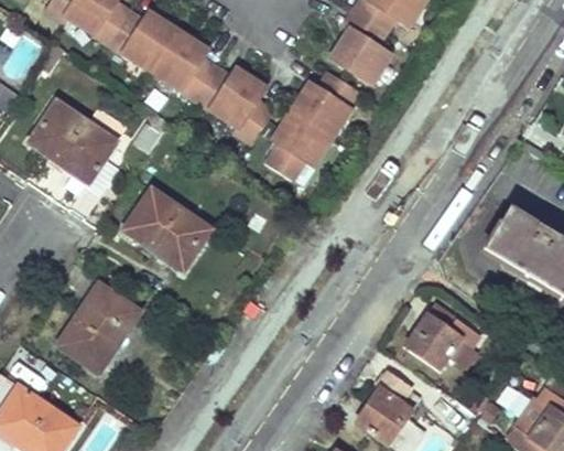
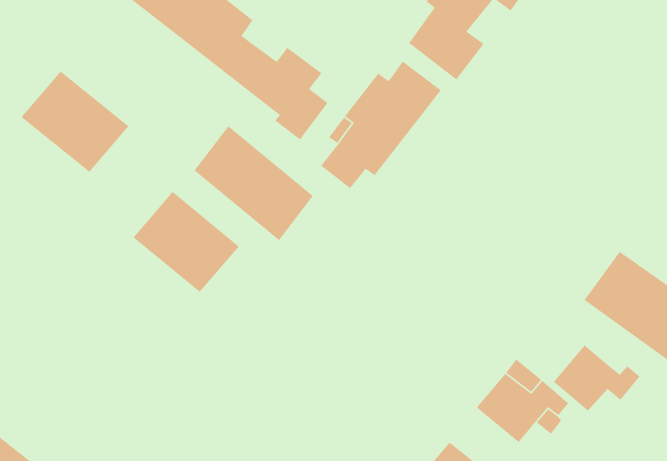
building: none -> [194,125,314,241]
building: [56,283,138,372] -> none
building: none -> [553,344,641,411]

